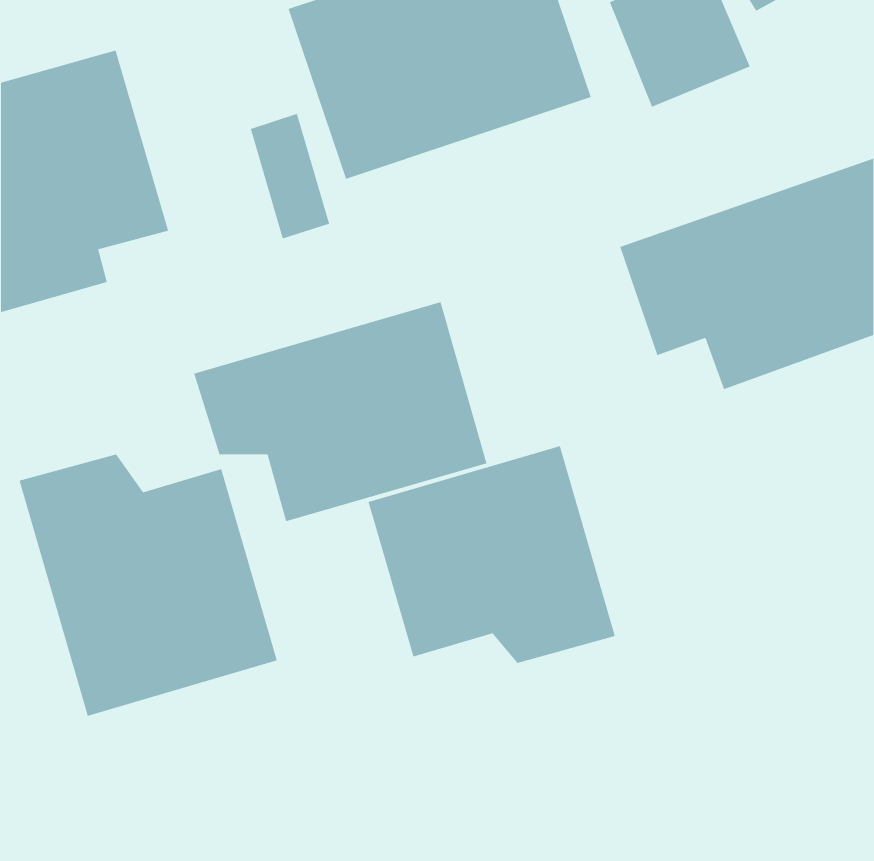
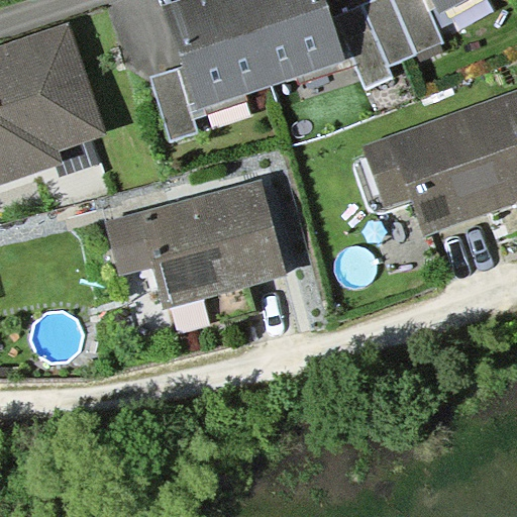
building: [367,445,616,664] -> none
building: [19,454,278,717] -> none

